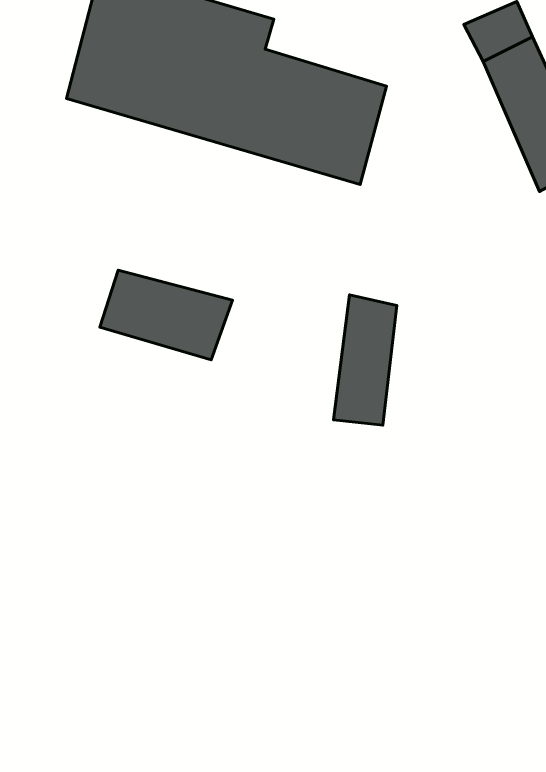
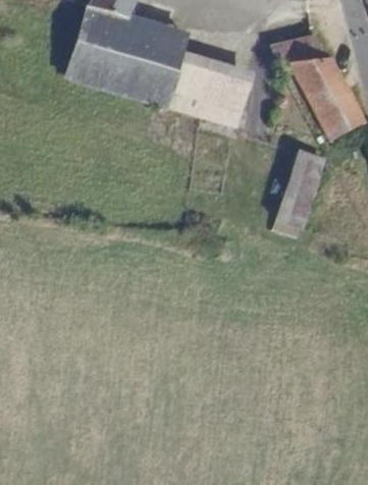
building: [100,270,232,360] -> none
building: [334,295,397,425] -> [284,152,321,227]

